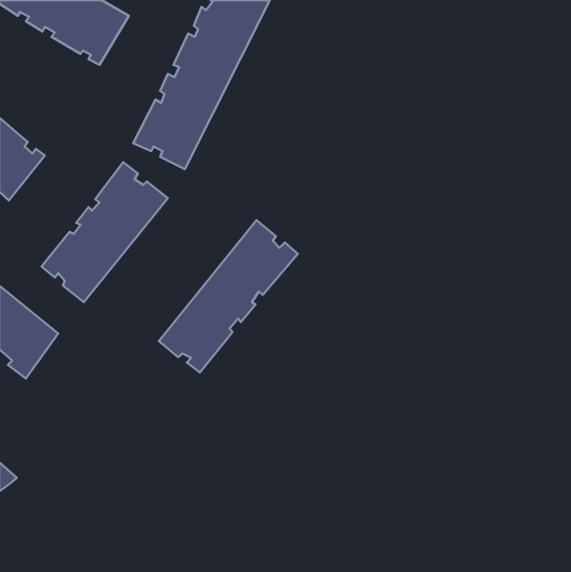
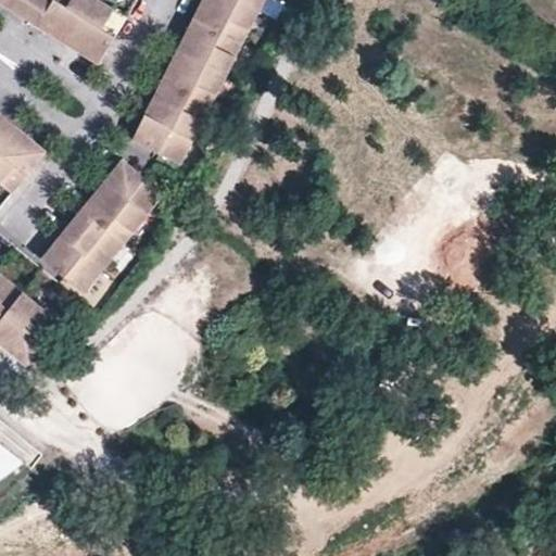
building: [159,220,298,373] -> none

